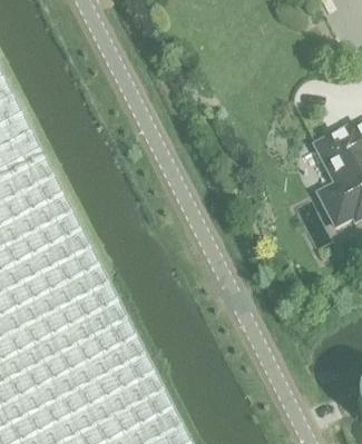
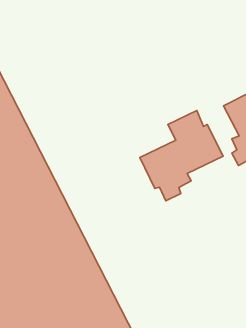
building: none -> [140,110,223,201]

